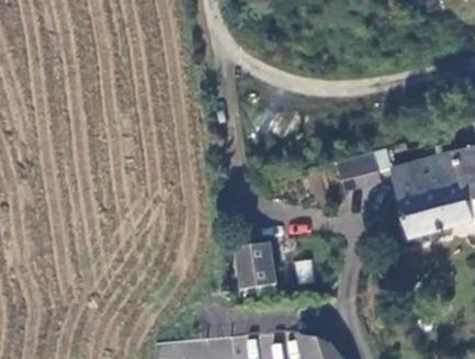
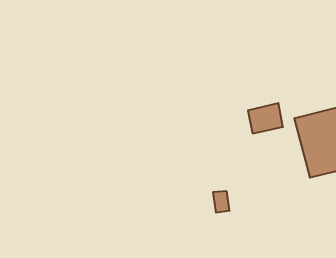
building: [235,244,273,290] -> none

